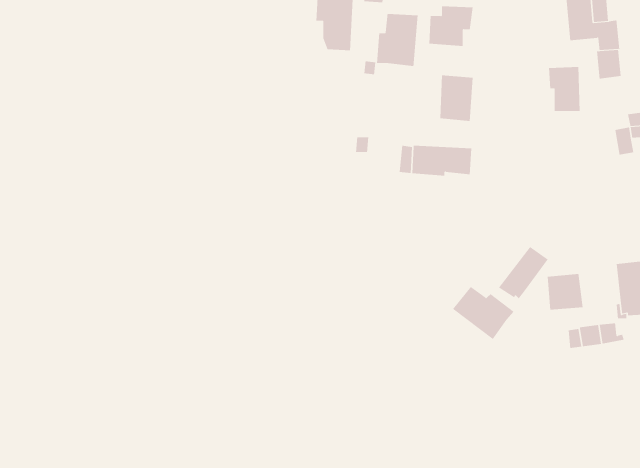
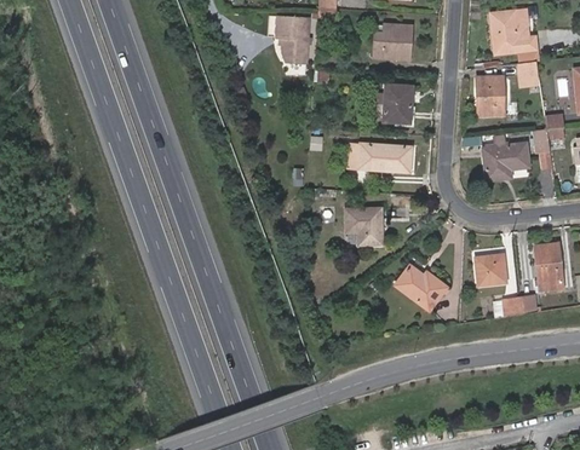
building: [376,13,418,67] -> none
building: none -> [482,135,528,180]
building: none -> [345,208,381,244]
building: [498,246,548,299] -> none

